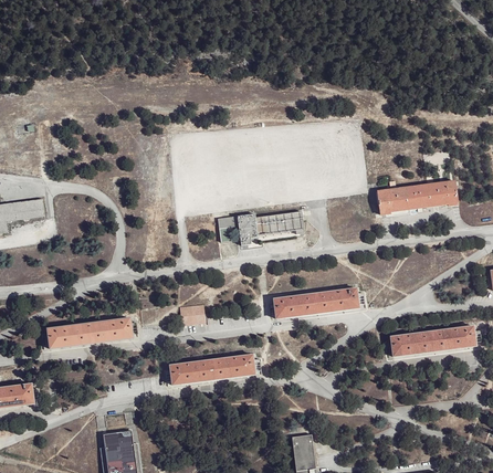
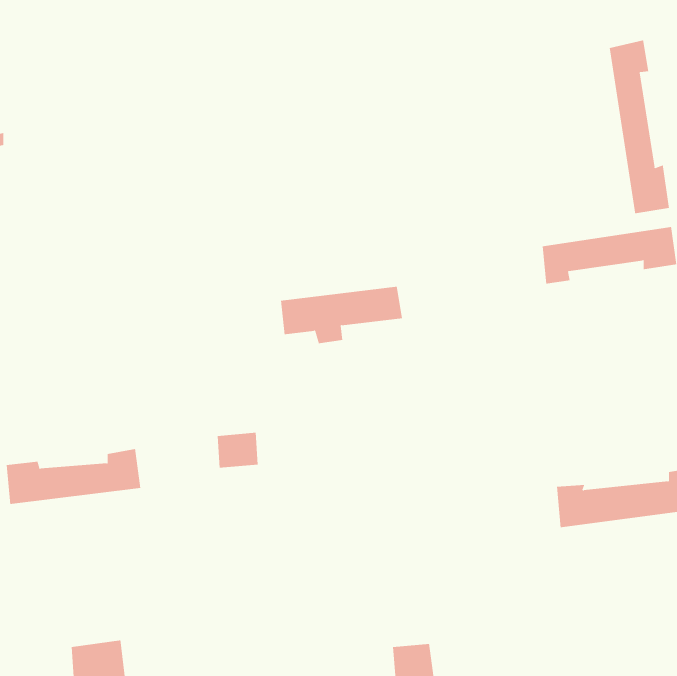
building: none -> [609,40,670,214]
building: [274,286,353,324] -> none
building: [174,353,258,387] -> none

